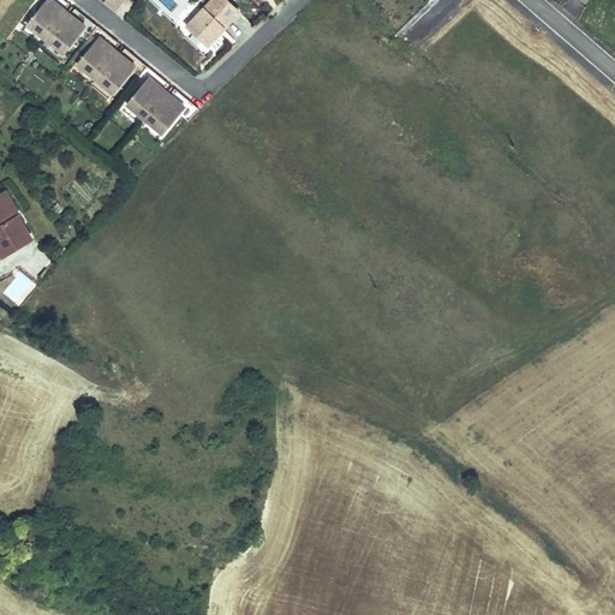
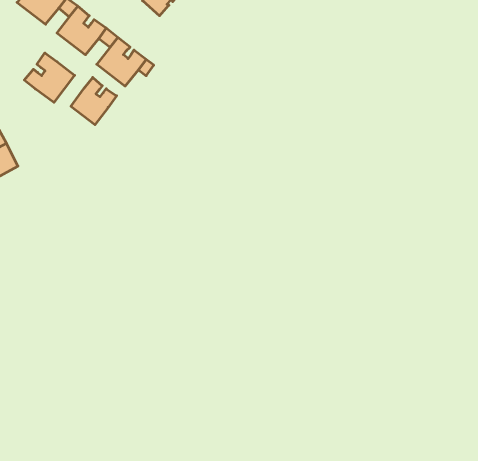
building: none -> [24,53,75,102]
building: none -> [71,77,117,125]

